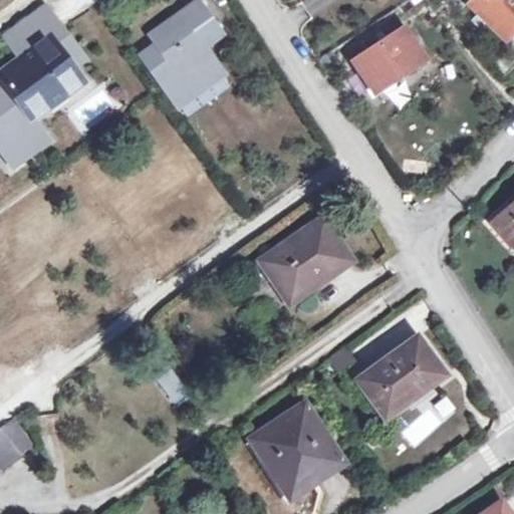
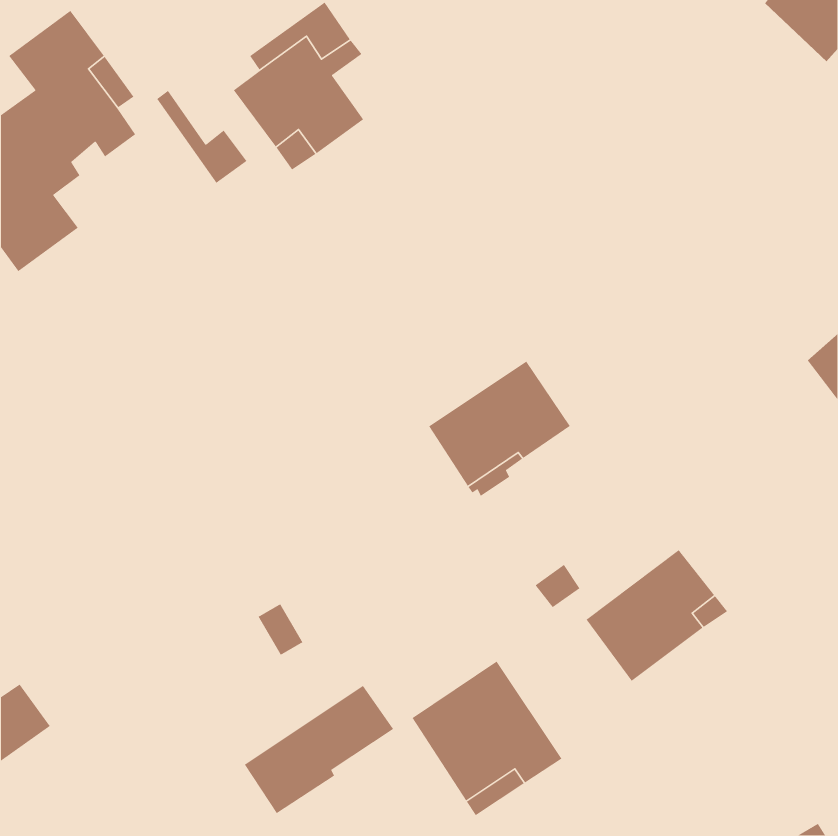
building: [353,26,425,91] -> none
building: none -> [156,90,248,184]
building: none -> [244,685,394,814]

